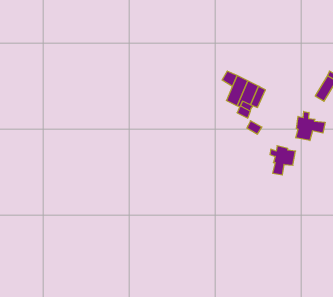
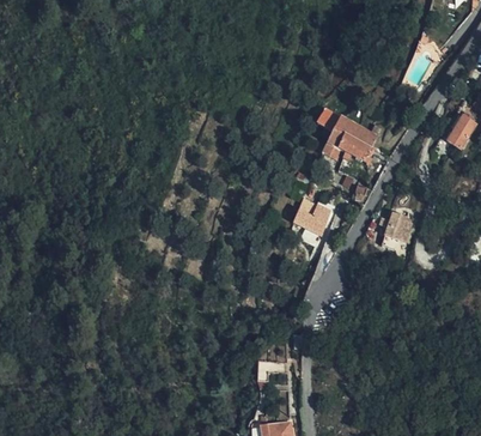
building: [296,111,325,141] -> none
building: none -> [296,207,325,243]

